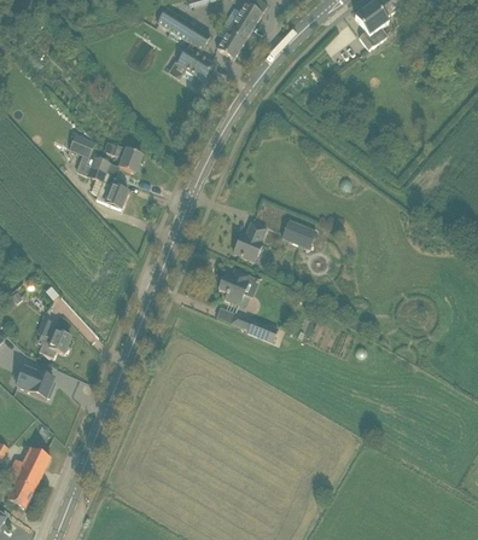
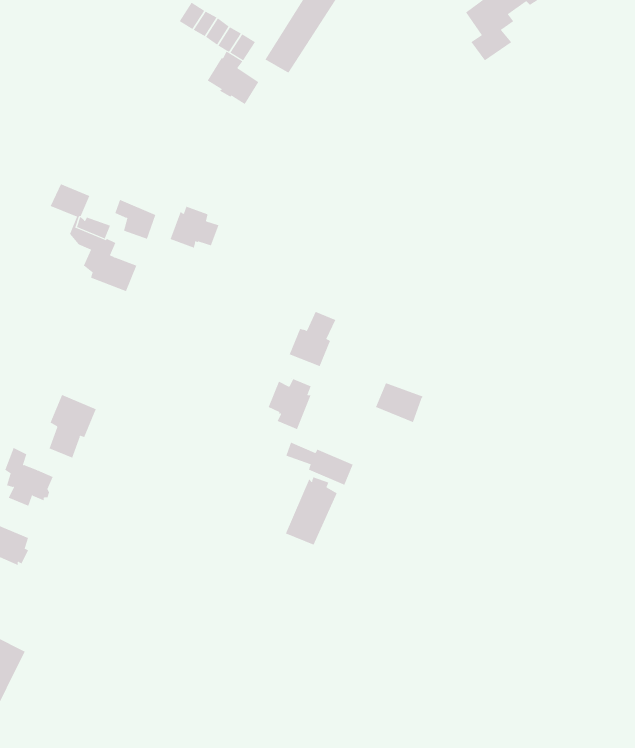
building: none -> [170,206,219,248]
building: [281,217,315,245] -> [375,383,424,423]
building: none -> [49,394,97,458]
building: none -> [285,477,338,545]

